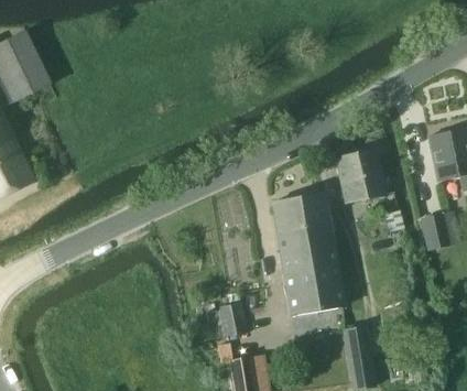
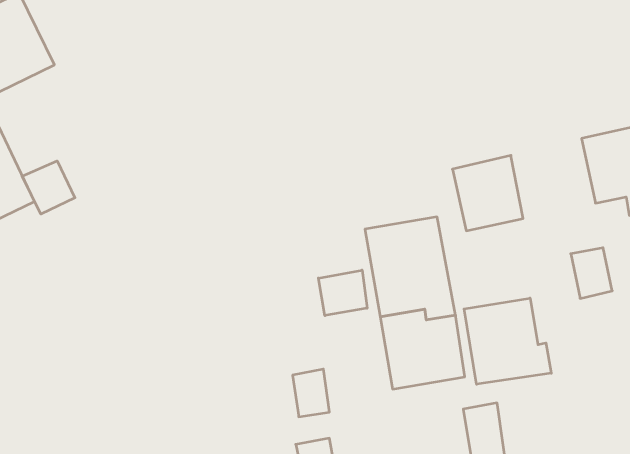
building: none -> [22,161,75,214]
building: none -> [318,270,367,316]
building: none -> [464,298,551,384]

